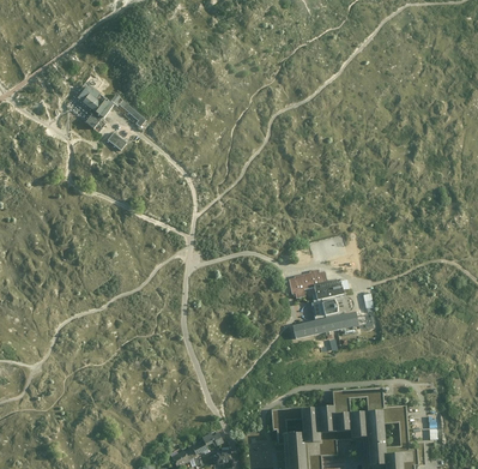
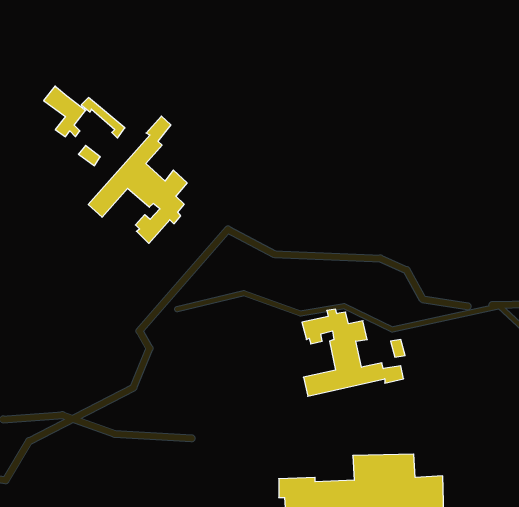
building: none -> [88,116,187,243]

